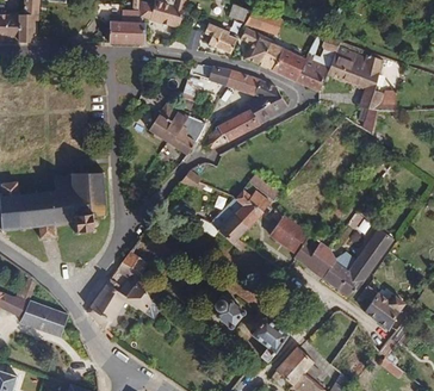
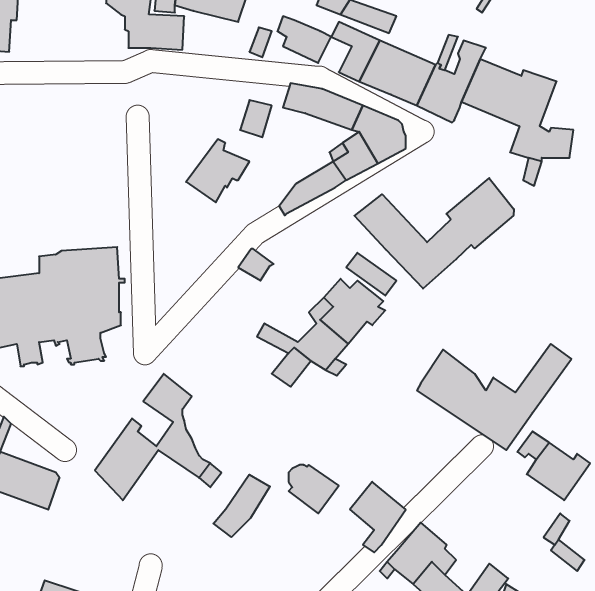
building: [166,113,205,153] -> none
building: none -> [354,178,514,289]
building: [268,212,311,255] -> none
building: none -> [213,475,270,537]

